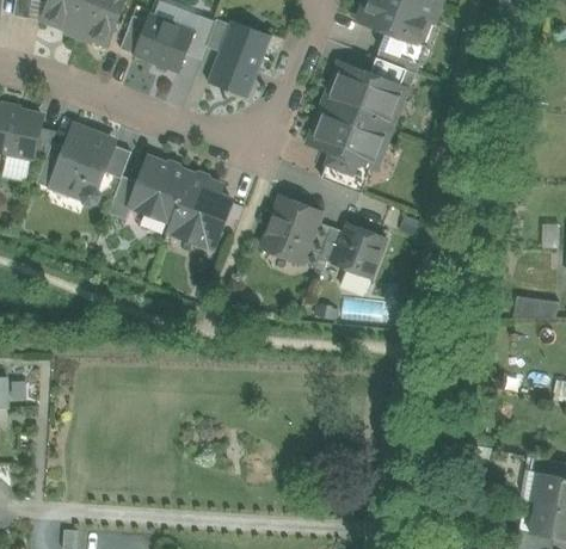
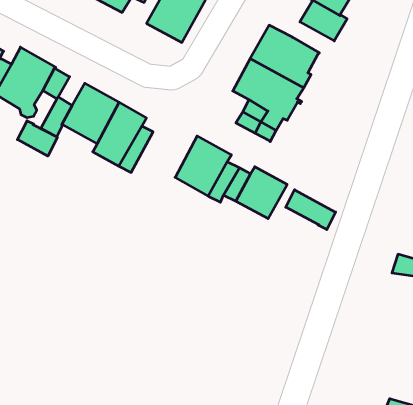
building: [370,57,417,92] -> none
building: none -> [17,121,57,156]
building: none -> [286,190,336,230]

